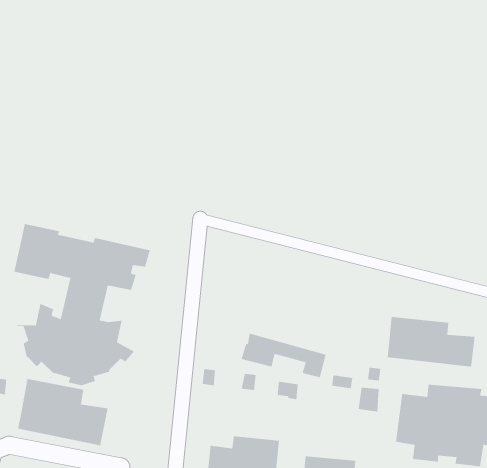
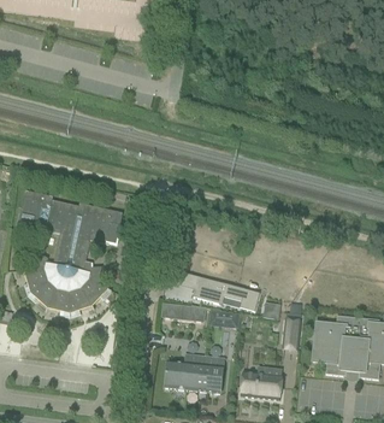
building: [387,316,475,368] -> none
building: [18,378,108,446] -> none

